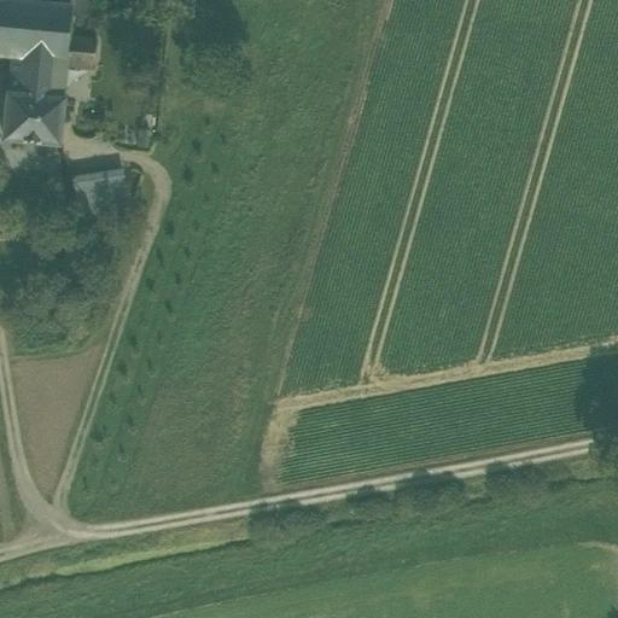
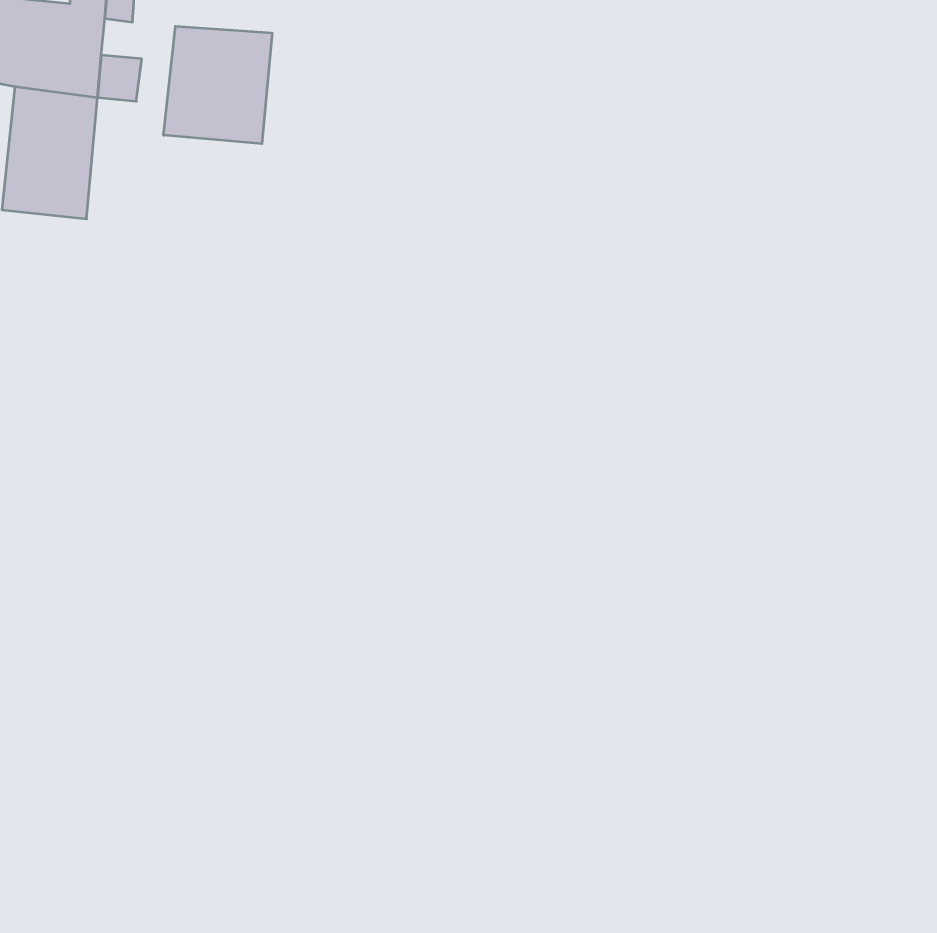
building: none -> [164,26,272,144]
building: [70,169,127,218] -> none

